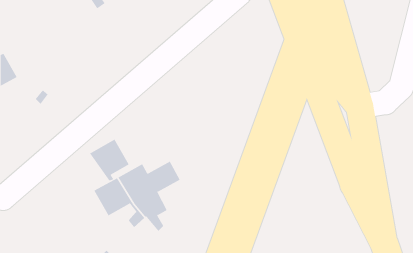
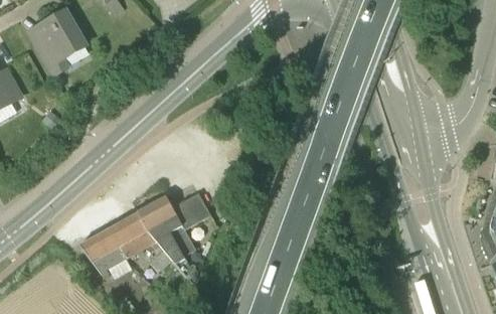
building: none -> [35,9,87,73]
building: [89,139,130,182] -> [79,226,127,277]

